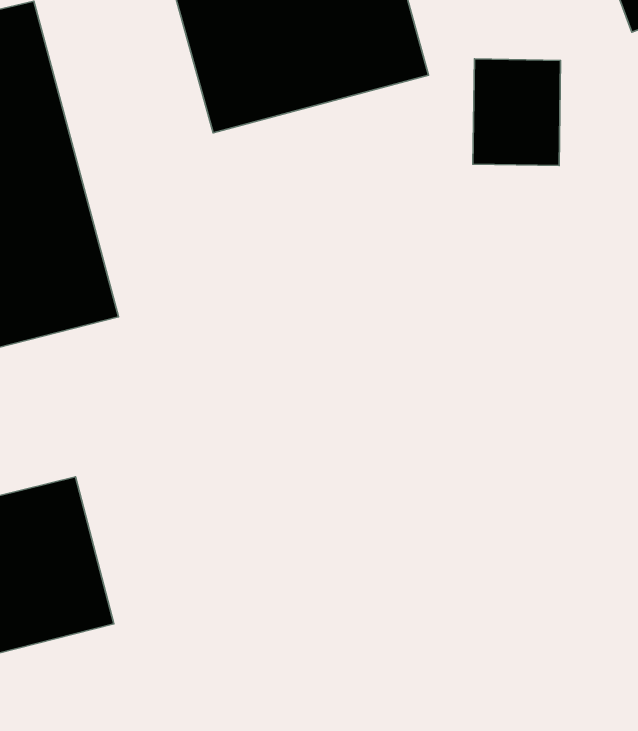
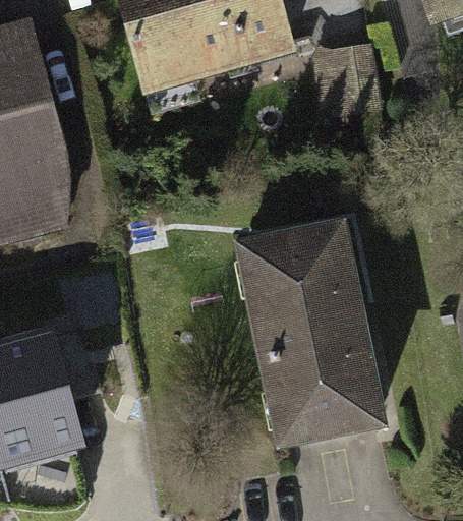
building: none -> [247,218,372,431]

